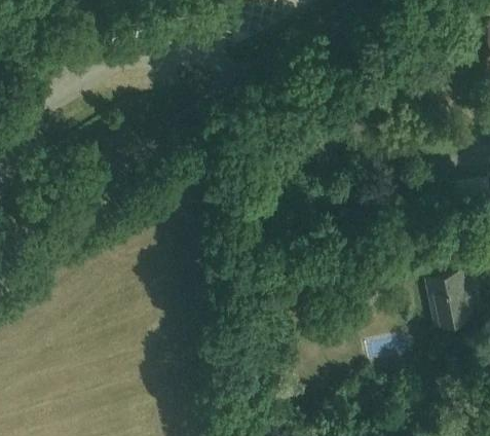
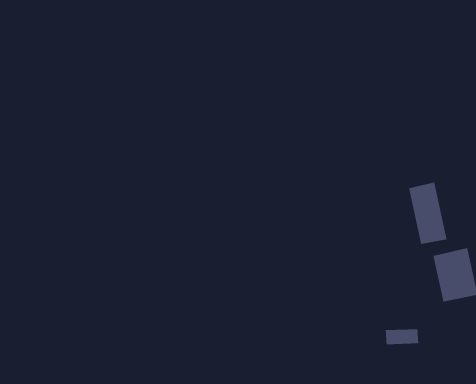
building: none -> [408,181,447,245]

